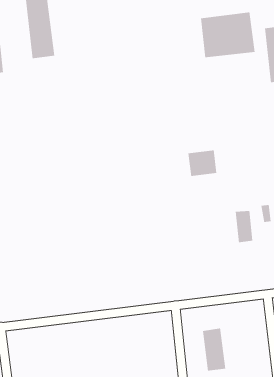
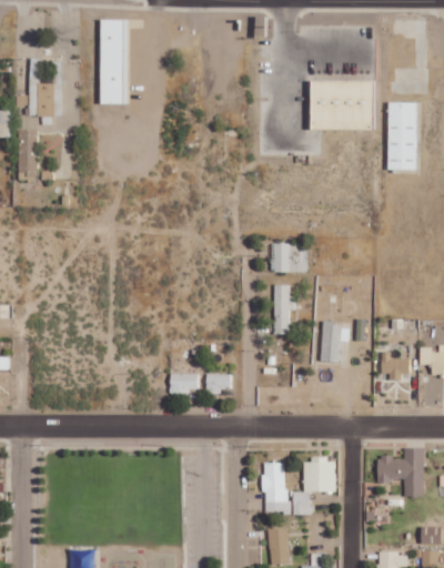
building: none -> [274,285,296,334]
building: none -> [206,374,231,395]
building: none -> [170,374,199,393]
building: none -> [293,459,336,515]

